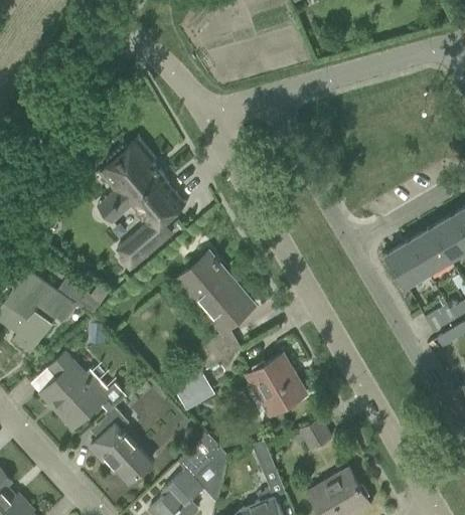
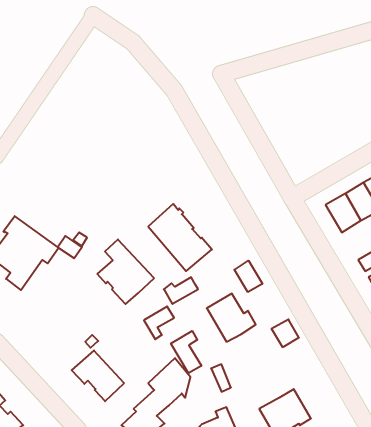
building: [99,140,186,272] -> none
building: none -> [234,261,262,292]
building: [40,354,107,430] -> [97,239,154,304]
building: none -> [171,331,201,373]
building: [299,418,331,451] -> [271,319,299,347]

